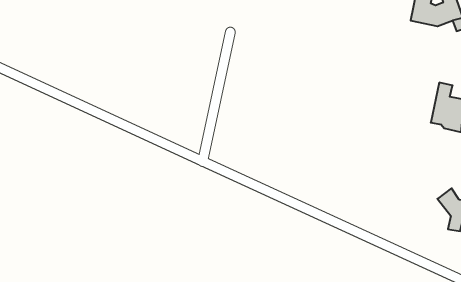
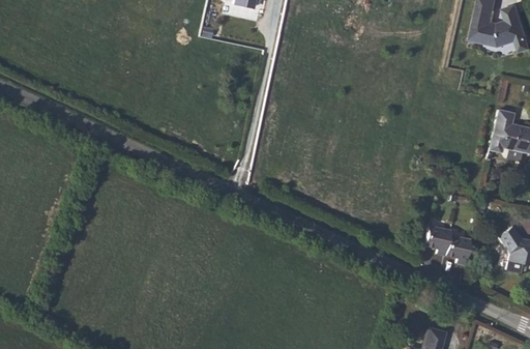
building: none -> [429,230,475,268]

